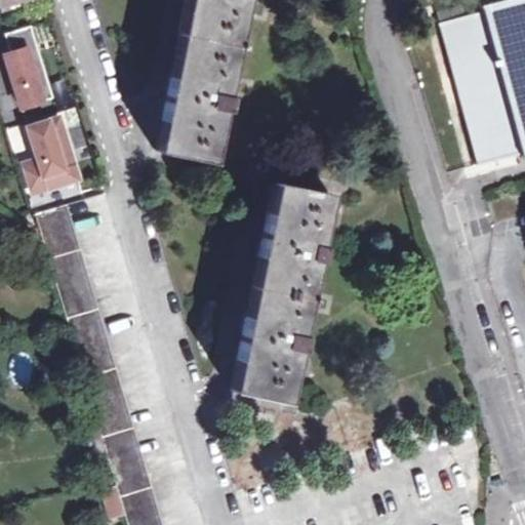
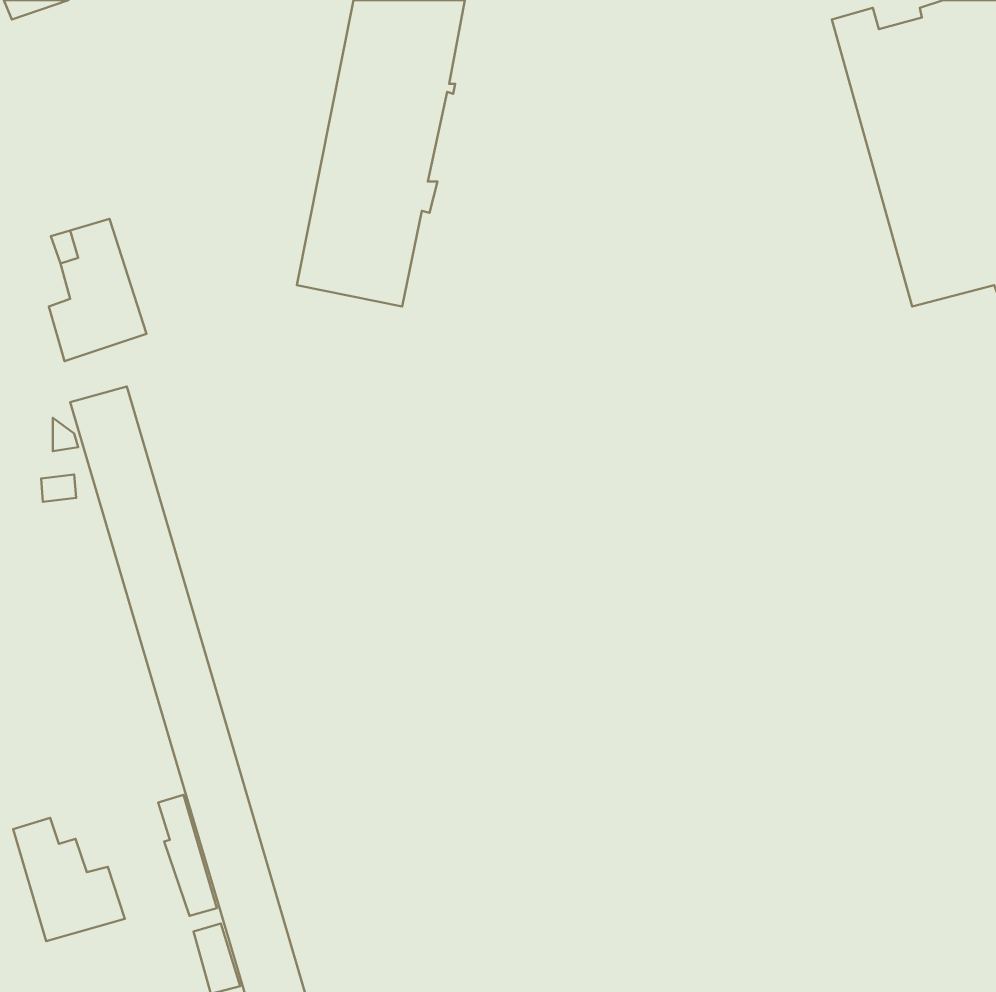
building: [5,28,53,108] -> none
building: [232,186,330,403] -> none
building: none -> [13,818,125,941]

